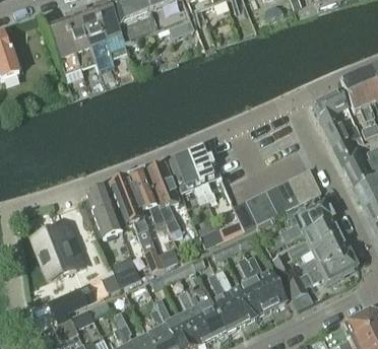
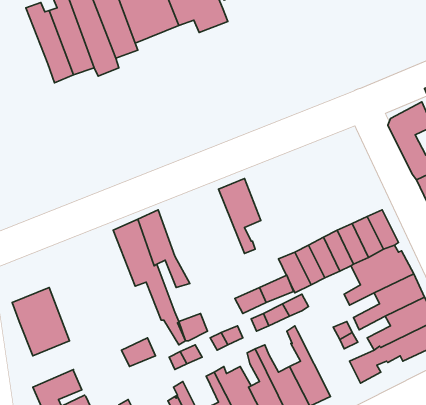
building: [170,154,207,205] -> none
building: [143,161,184,237] -> none
building: [87,186,122,237] -> none
building: [247,255,287,308] -> none

